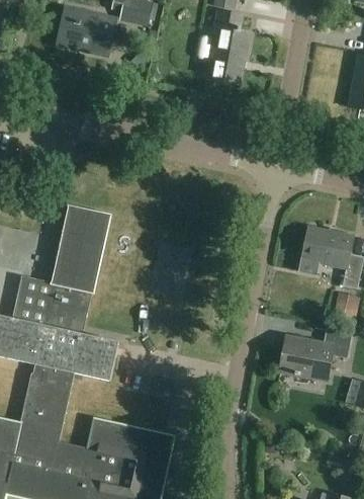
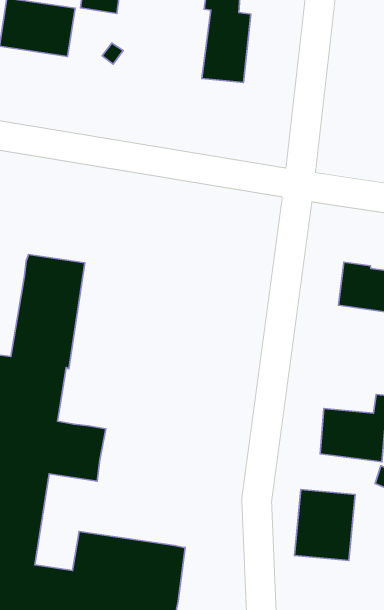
building: none -> [294,490,355,561]

